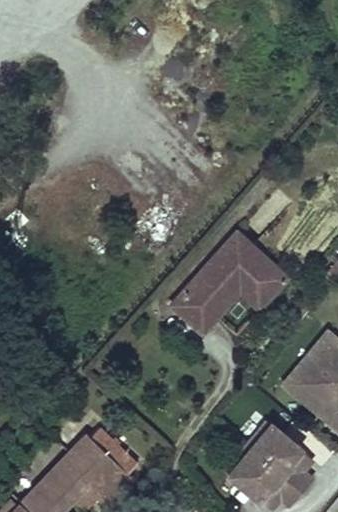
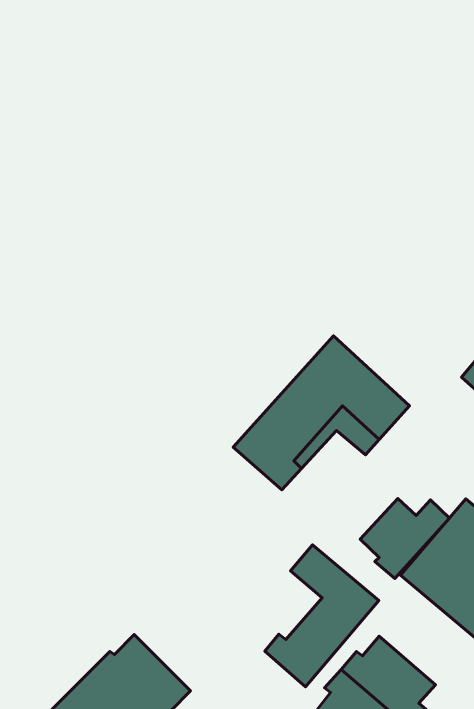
building: none -> [360,498,449,579]
building: none -> [265,545,379,687]

